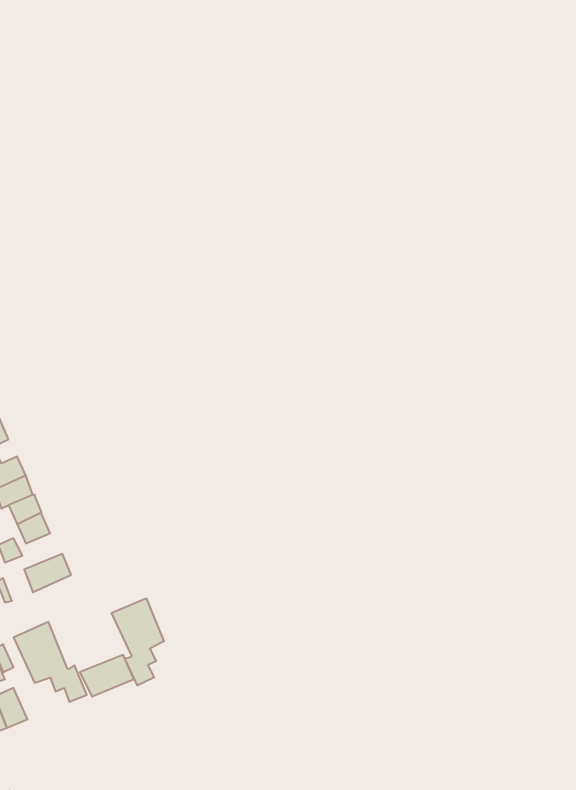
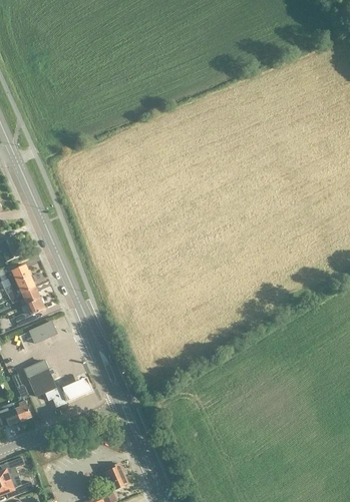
building: [112,598,164,685] -> none

